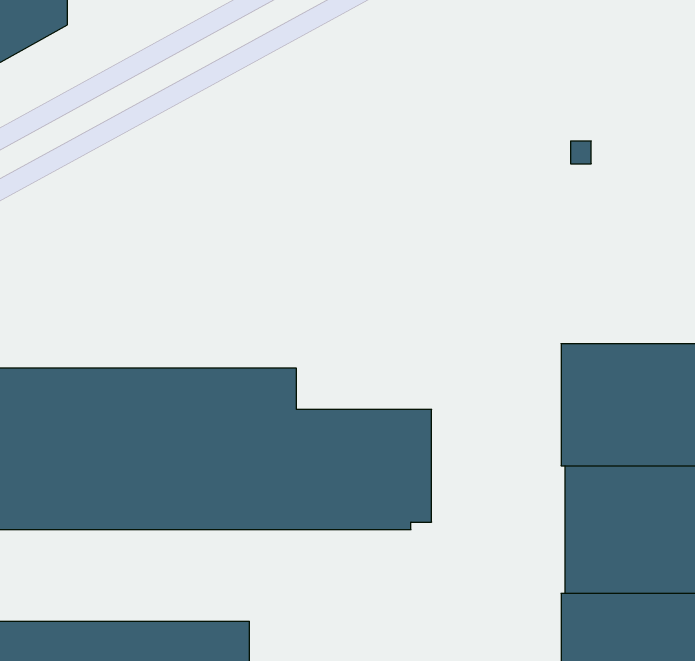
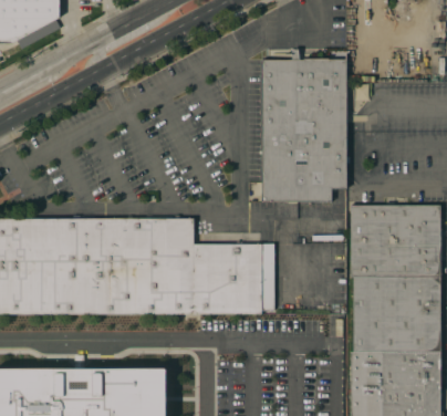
building: none -> [262,59,347,201]

